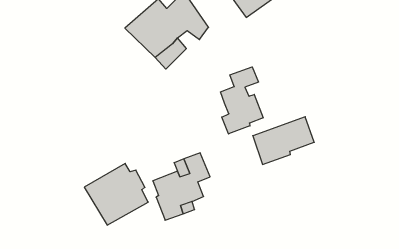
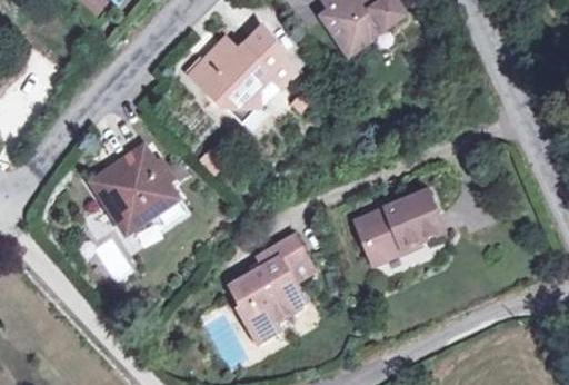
building: [221,67,263,134] -> none
building: [84,163,148,225] -> [90,152,177,236]

